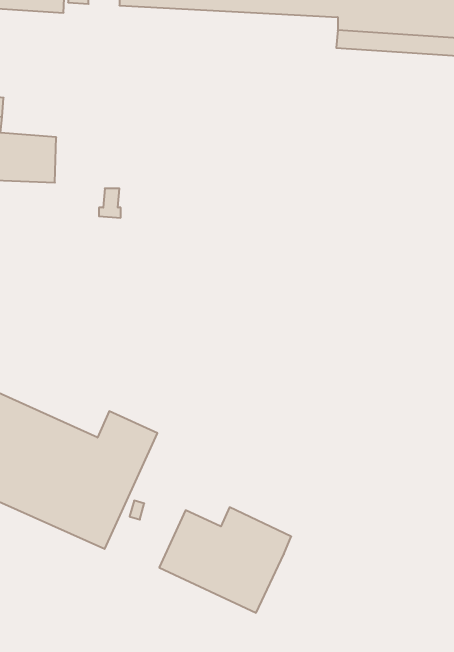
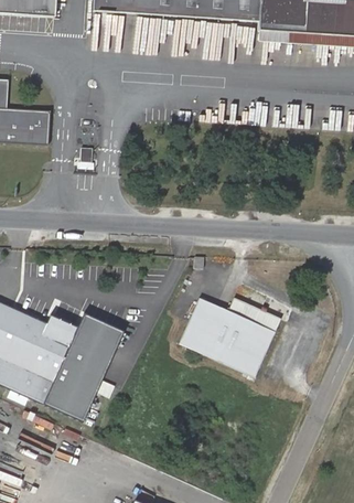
building: [159,507,291,613] -> [179,297,278,376]

